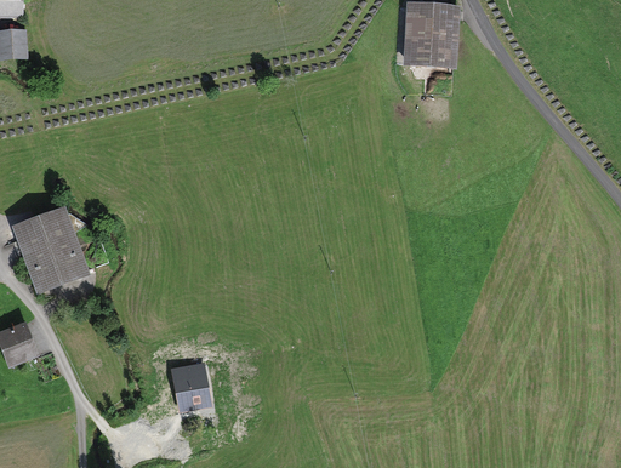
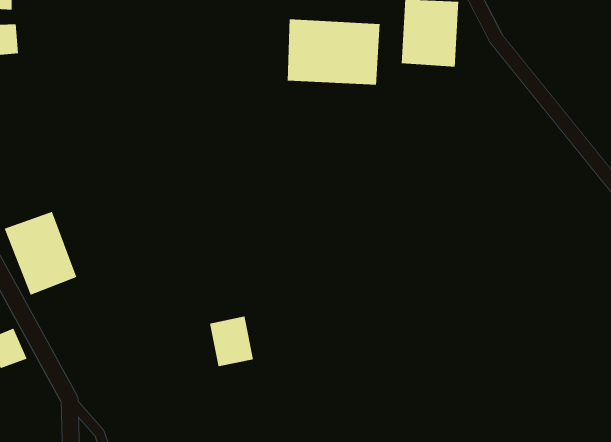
building: none -> [287,18,380,85]
building: [169,360,212,410] -> [209,316,254,367]

